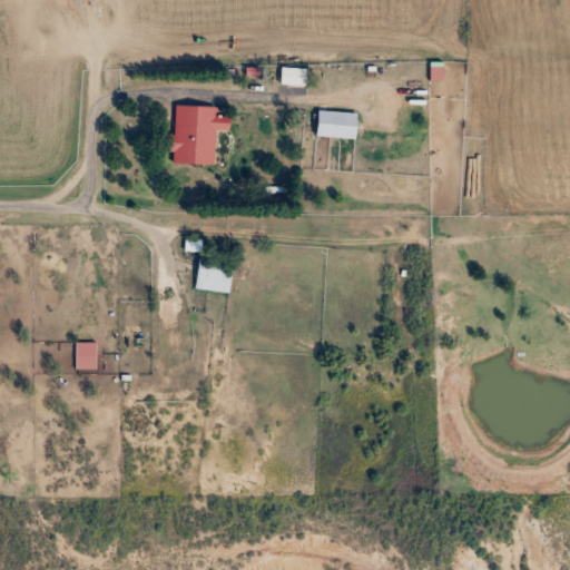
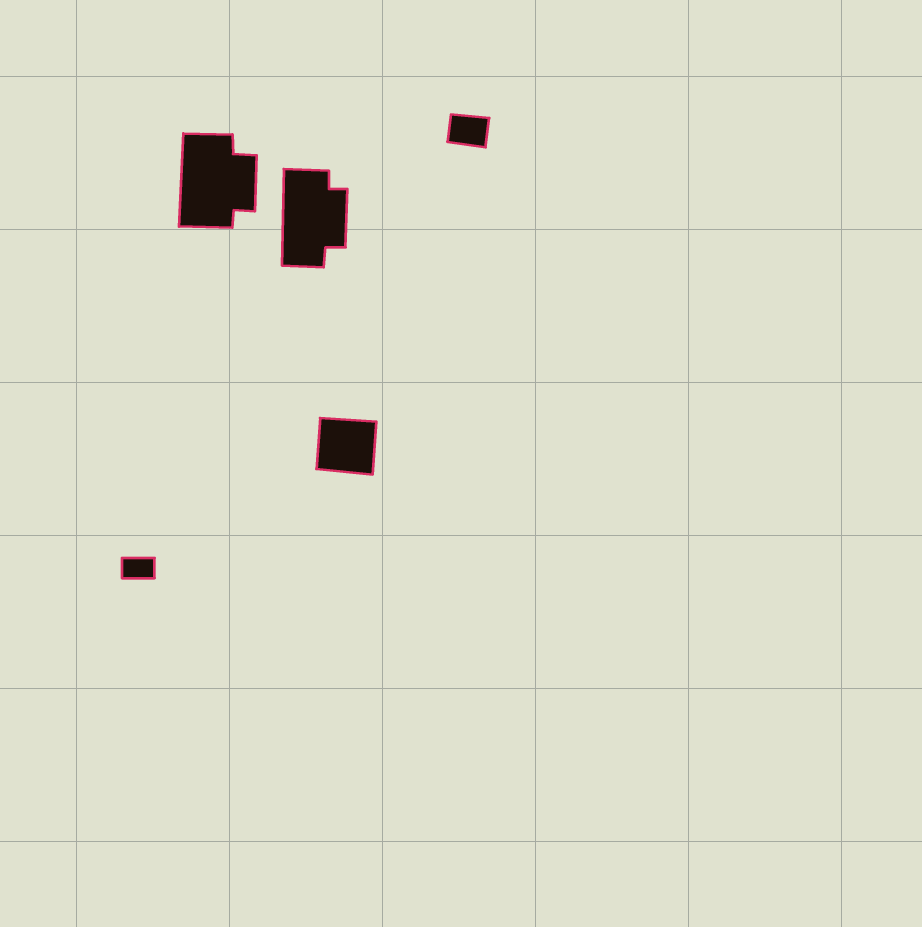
building: none -> [179,133,257,228]
building: [314,114,356,144] -> none

